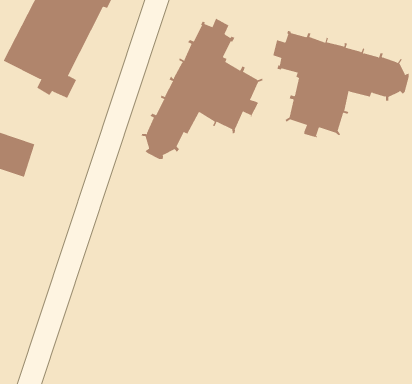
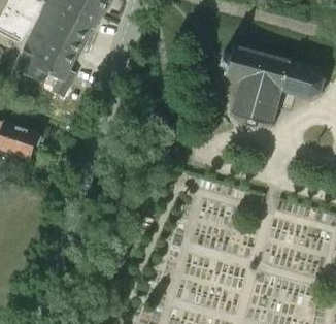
building: [141,18,263,160] -> none

